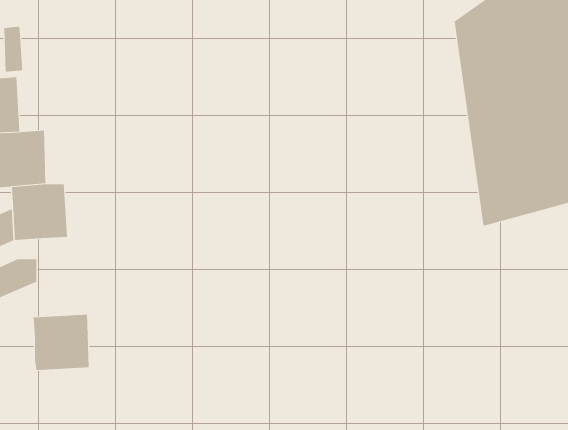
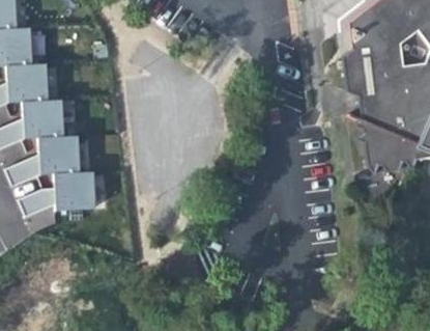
building: [33,314,89,371] -> [60,173,98,212]

